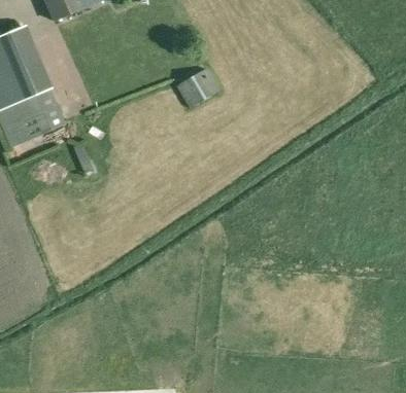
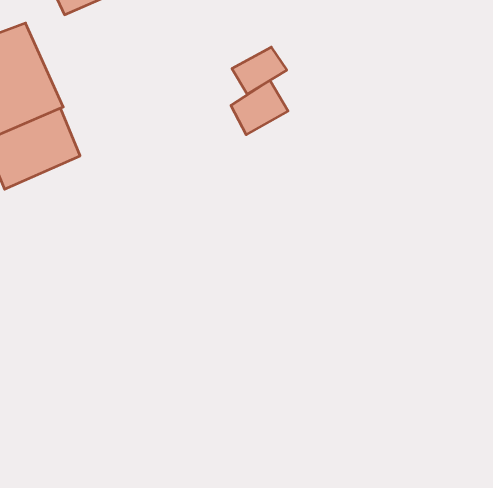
building: none -> [232,47,287,94]

